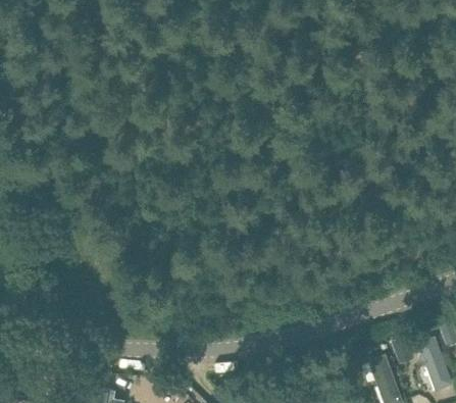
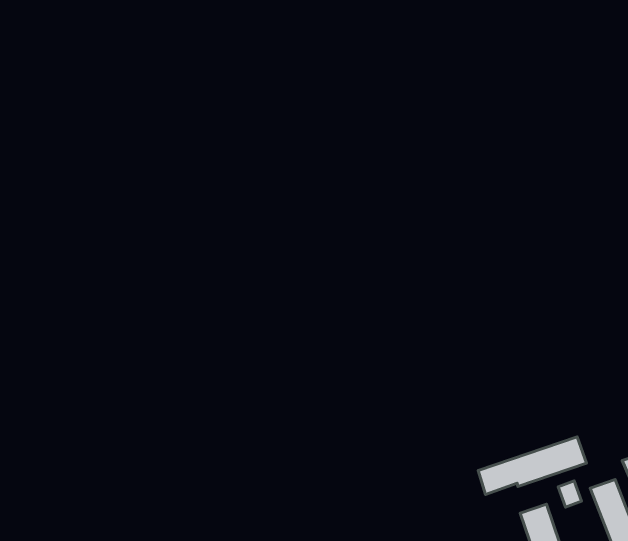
building: none -> [478,437,586,494]

